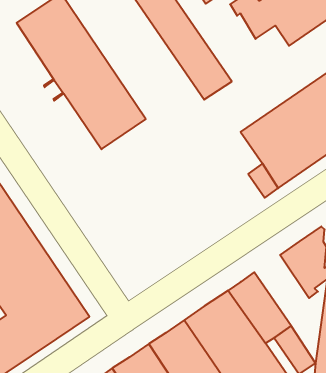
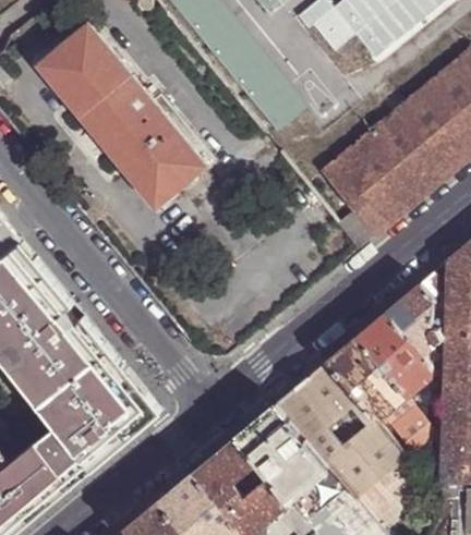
building: none -> [353,316,430,401]

